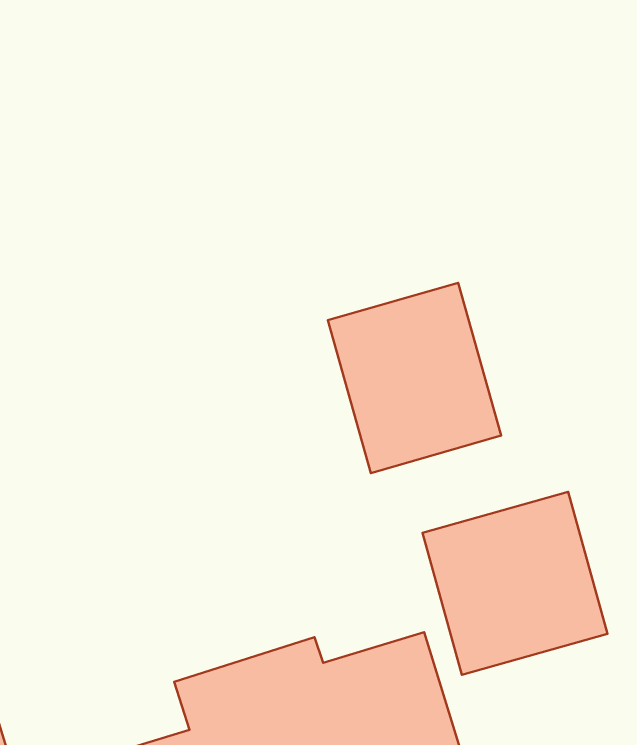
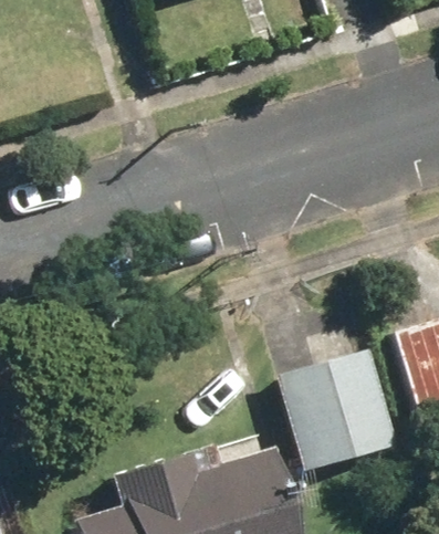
building: [328,283,501,473] -> none

